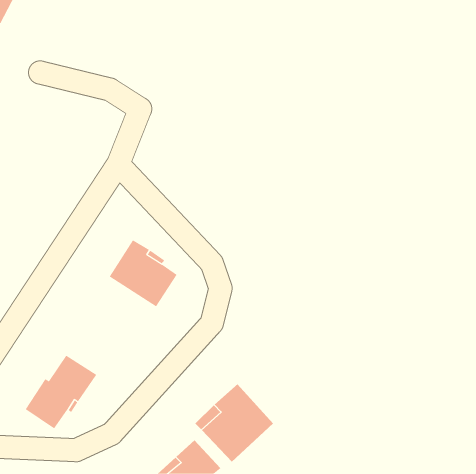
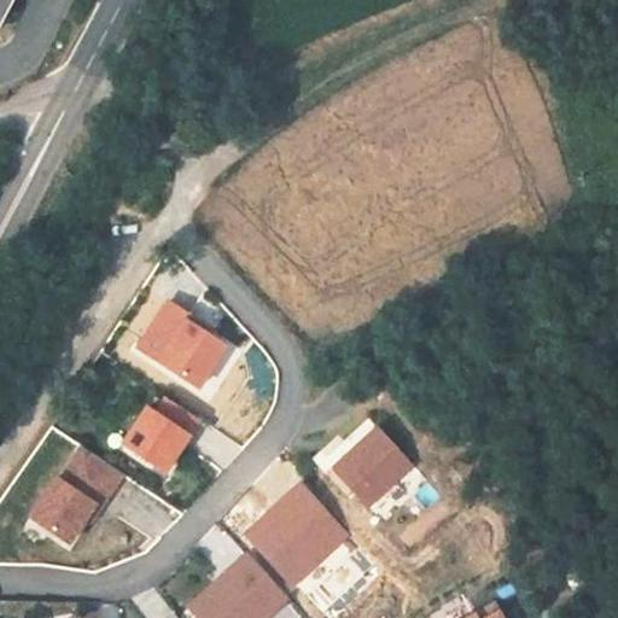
building: none -> [123,398,199,472]
building: none -> [332,428,410,506]

